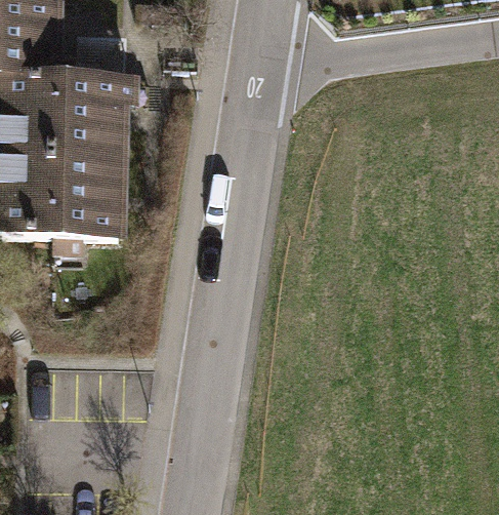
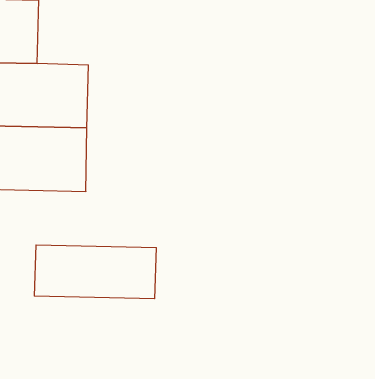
building: none -> [34,245,156,299]

